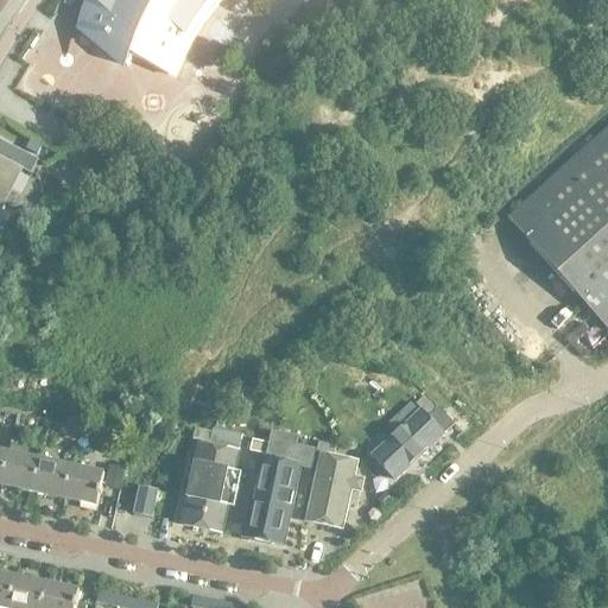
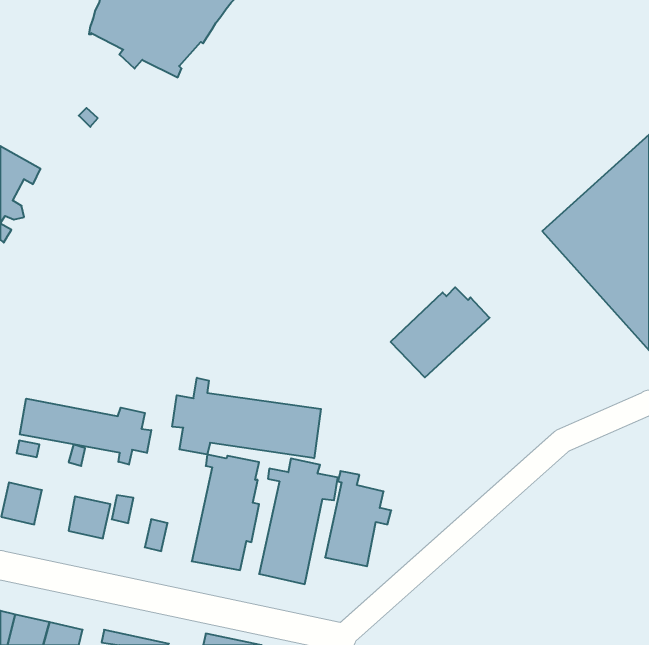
building: none -> [172,378,321,458]
building: none -> [20,399,151,465]
building: [363,394,456,479] -> [391,287,490,377]
building: [32,458,70,496] -> none

